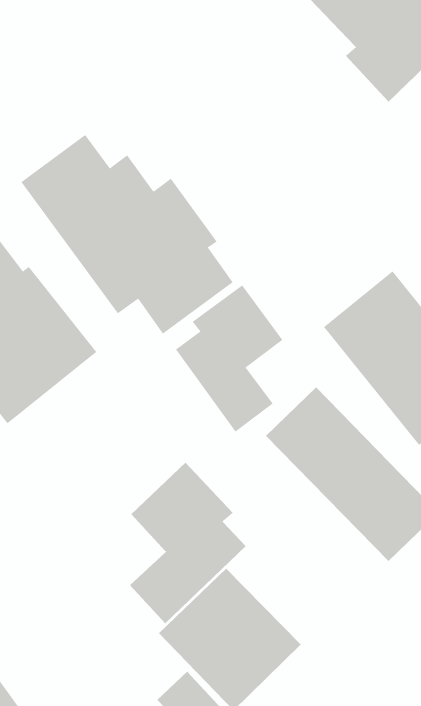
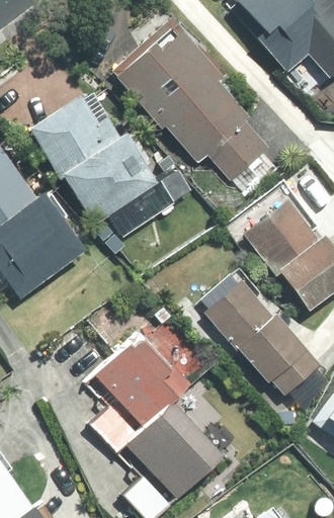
building: none -> [109,18,270,180]
building: [175,284,283,432] -> none

